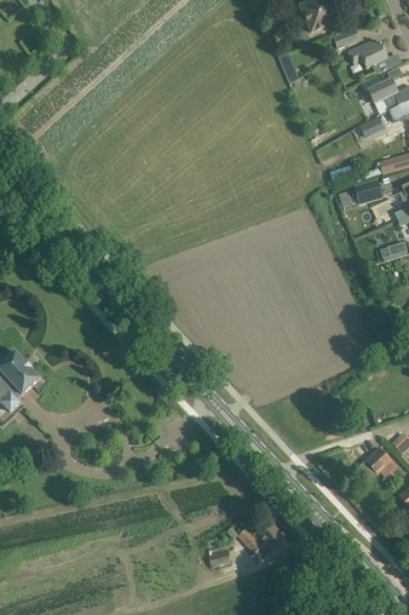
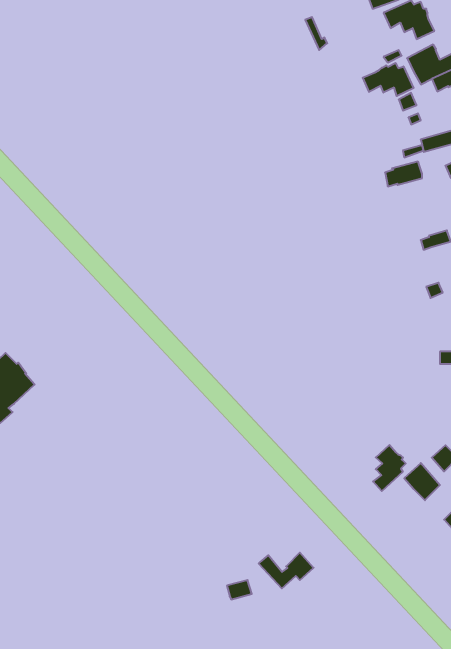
building: none -> [363,63,414,96]
building: none -> [373,445,406,491]

